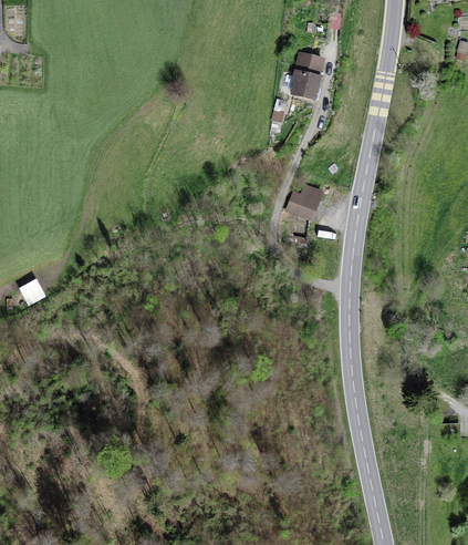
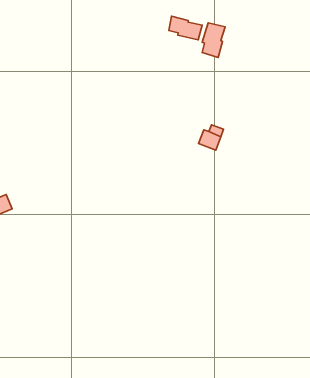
building: none -> [169,16,202,40]

